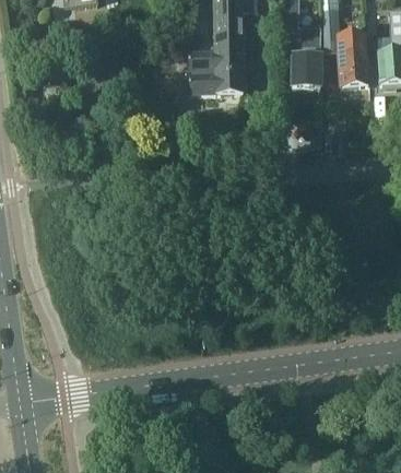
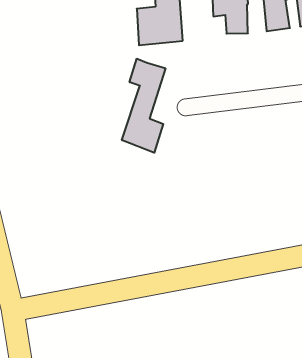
building: none -> [122,59,165,153]

